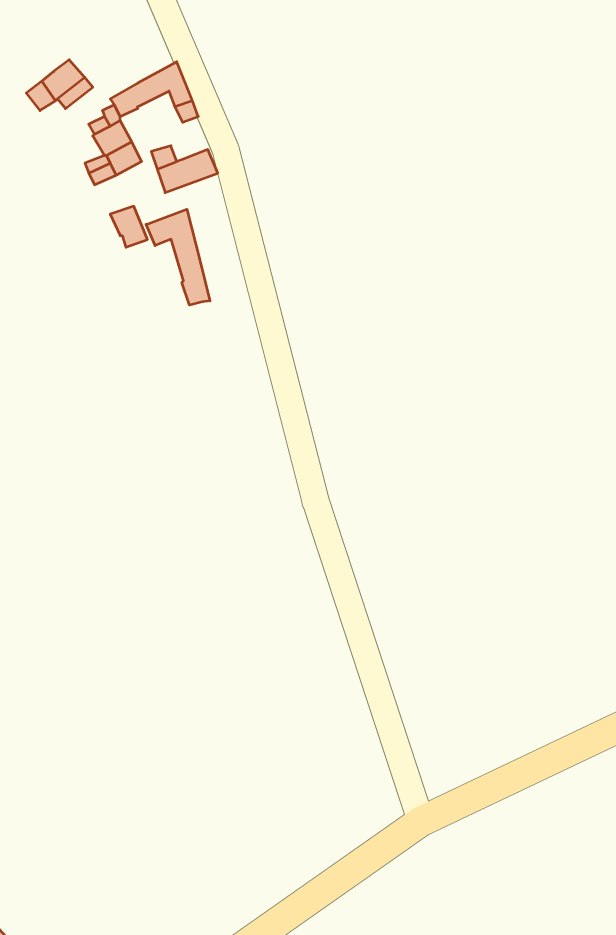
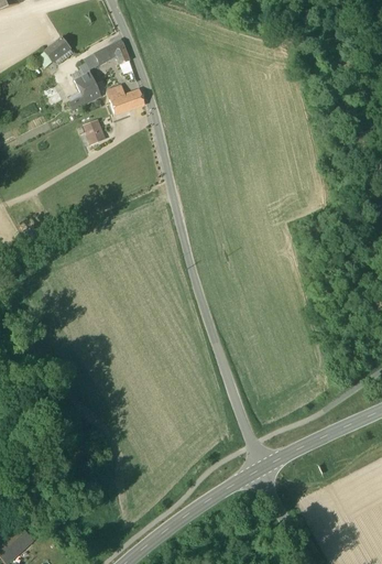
building: [146,209,210,305] -> none

